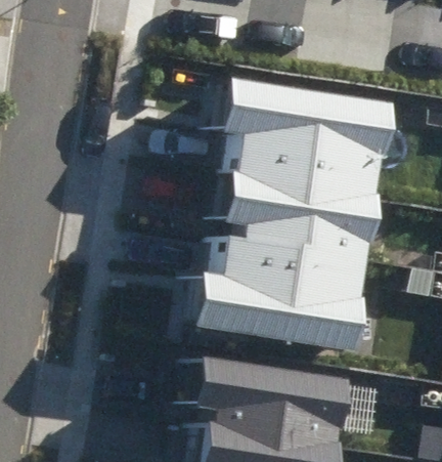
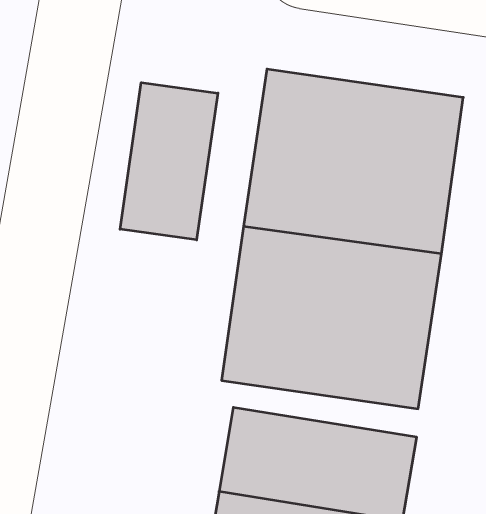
building: none -> [120,83,218,240]

